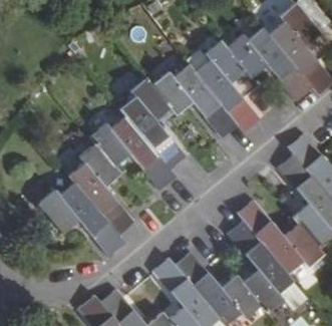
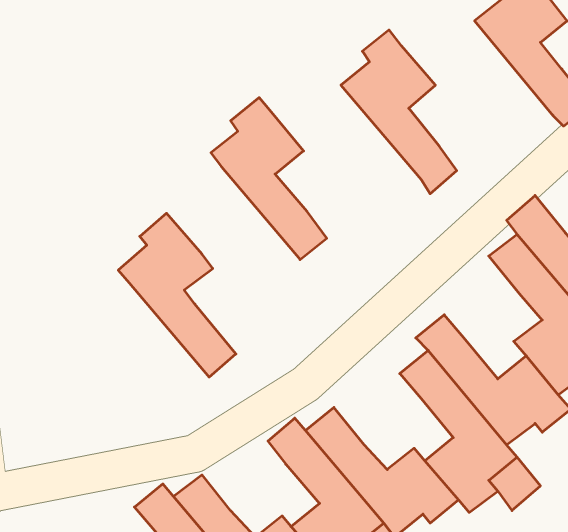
building: [228,27,313,100] -> none
building: [153,64,239,136] -> none
building: [90,116,176,189] -> none
building: [39,182,125,255] -> none

